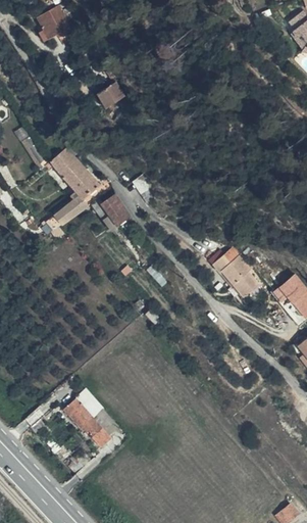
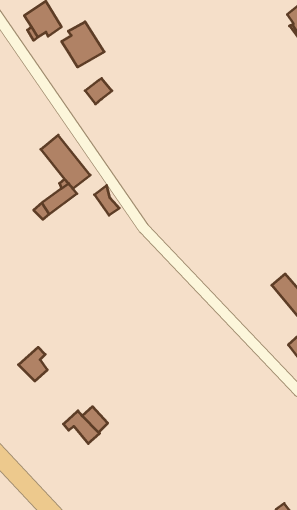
building: none -> [62,22,104,67]
building: [213,257,260,299] -> none
building: [58,392,87,426] -> [18,347,47,381]

